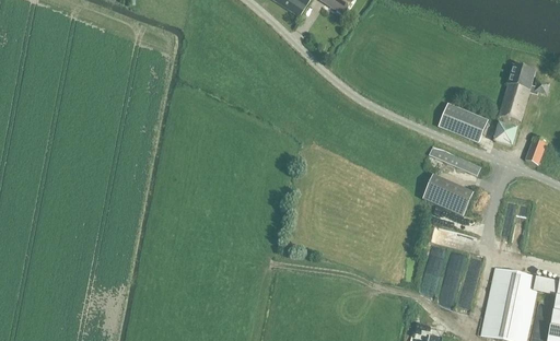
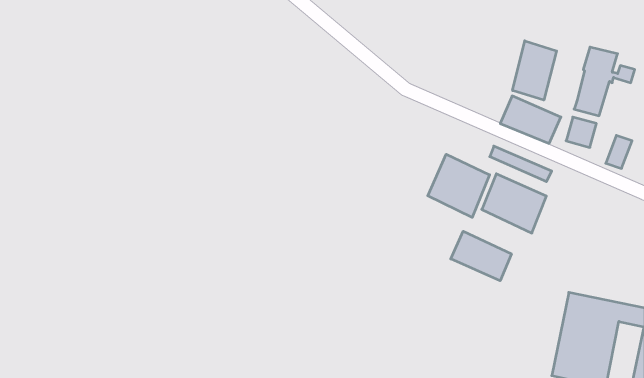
building: none -> [513,41,557,100]
building: none -> [428,154,490,217]
building: none -> [451,231,511,281]

